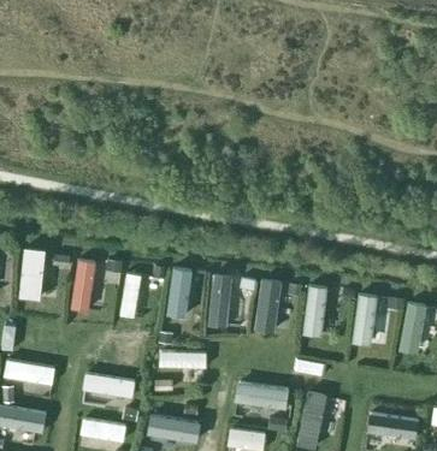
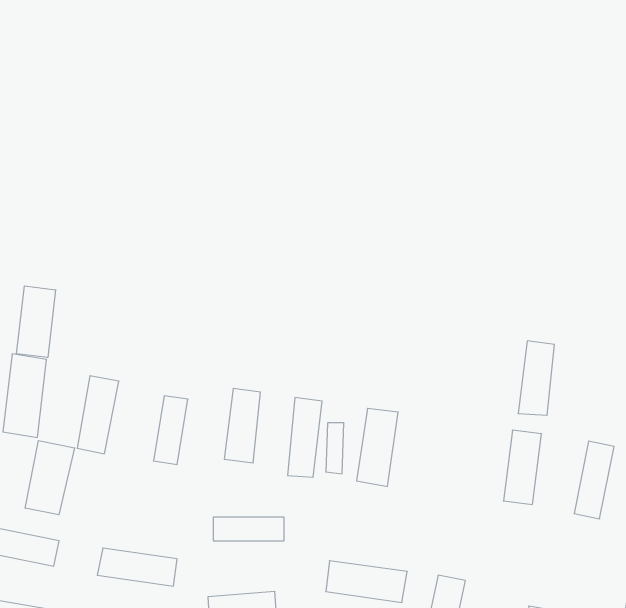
building: none -> [17,286,56,358]
building: [302,287,326,337] -> [518,341,554,415]
building: none -> [25,441,74,515]

